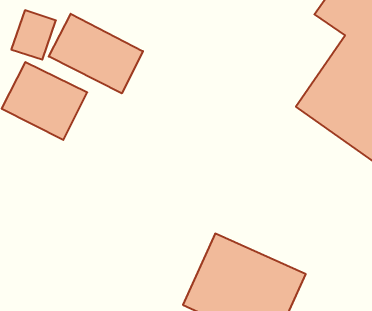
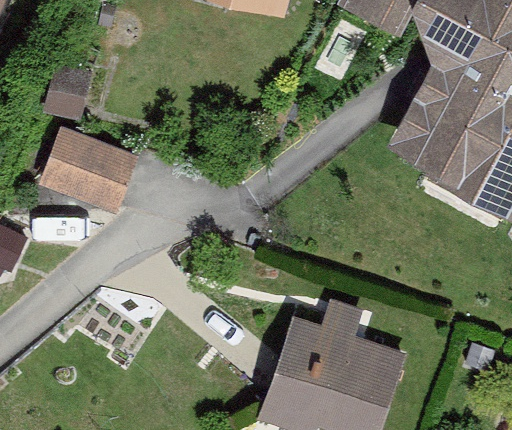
building: [49,14,143,93] -> none

